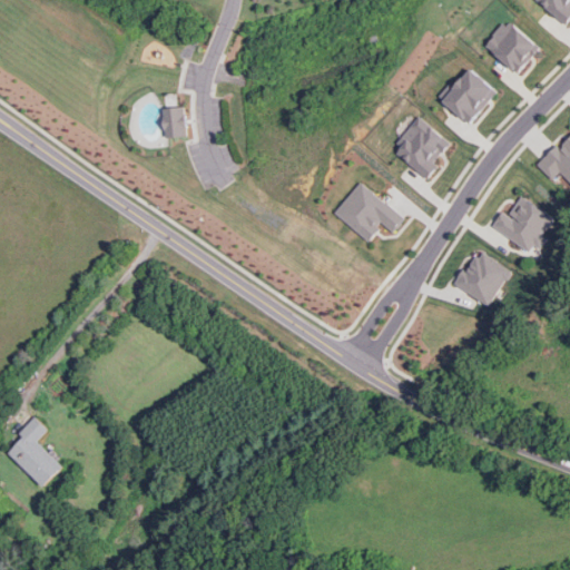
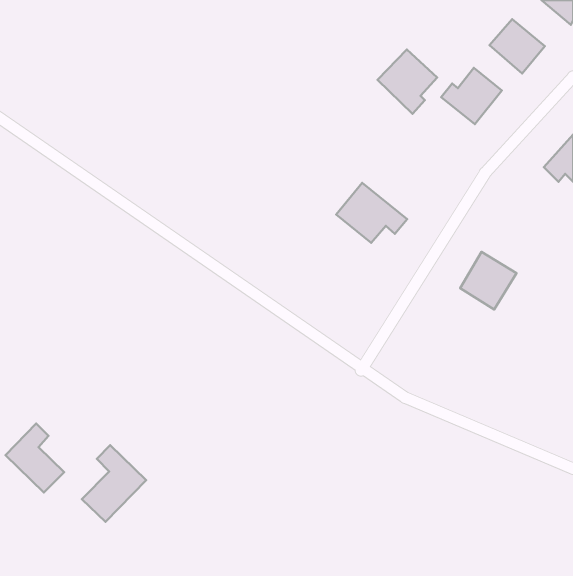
building: [161,95,186,137] -> none
building: [390,116,449,179] -> [377,49,437,114]
building: [490,196,553,255] -> none
building: none -> [82,445,146,522]

